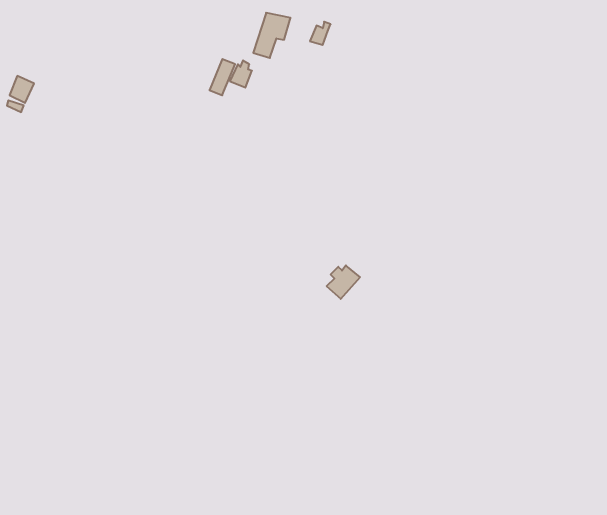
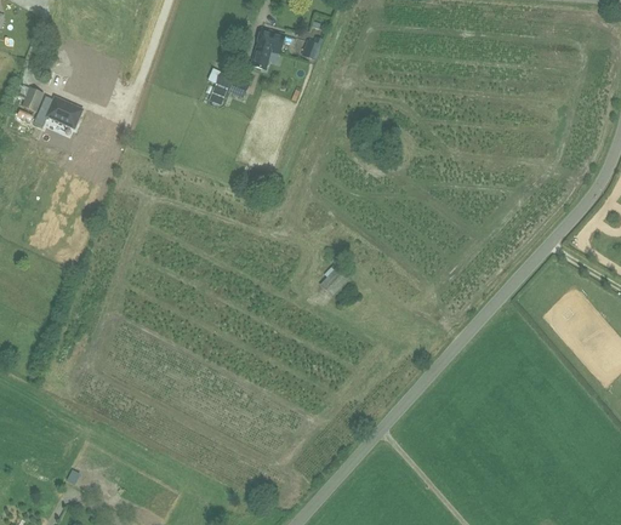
building: none -> [33,96,81,127]

